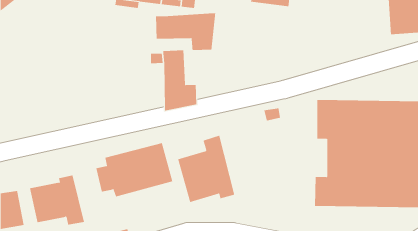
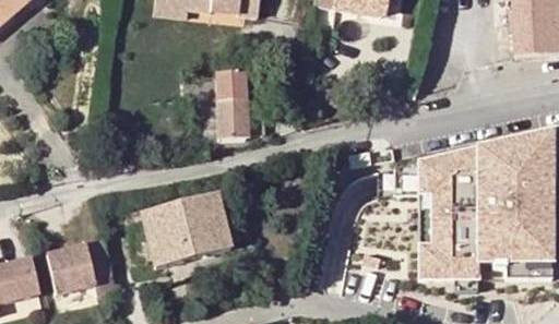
building: [155,12,216,51] -> none
building: [178,135,235,203] -> none

